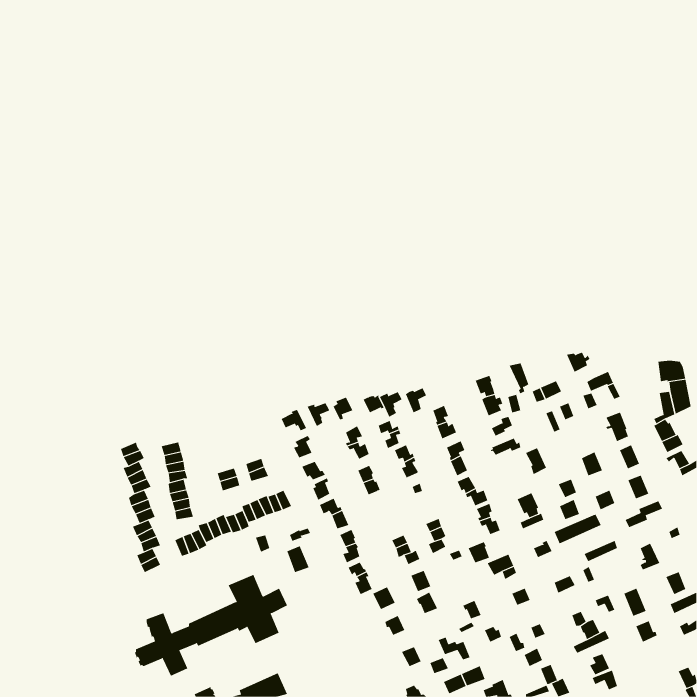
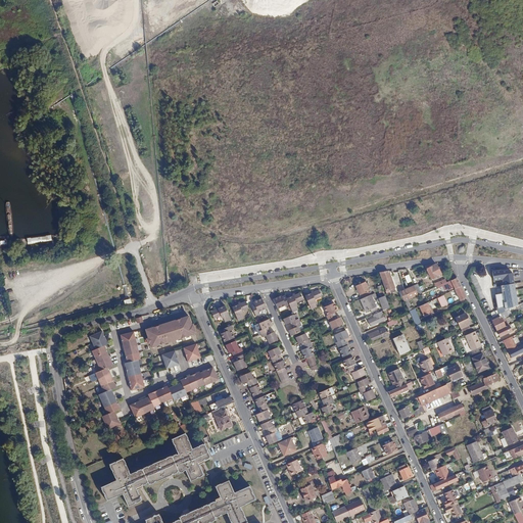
building: none -> [146,316,195,346]
building: none -> [211,480,255,516]

